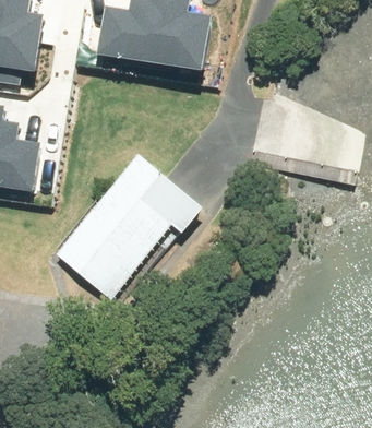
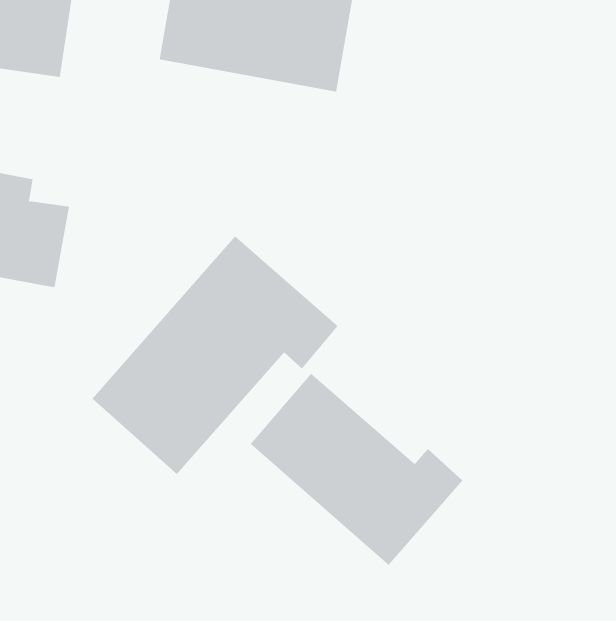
building: none -> [250,373,463,566]

